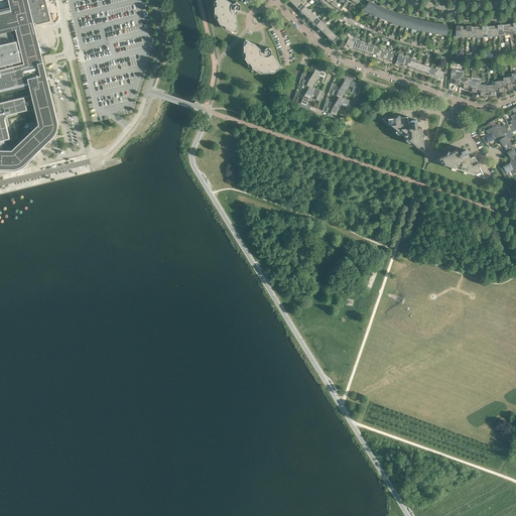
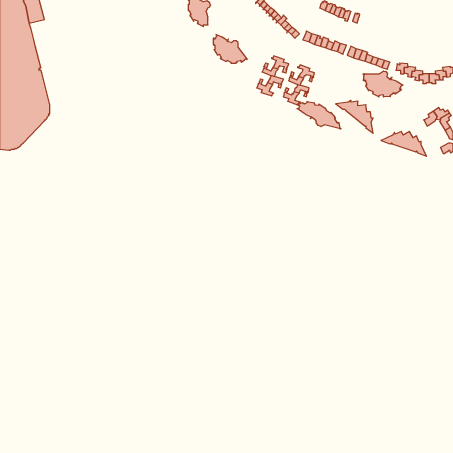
building: none -> [363,71,403,97]
building: none -> [297,101,341,129]

